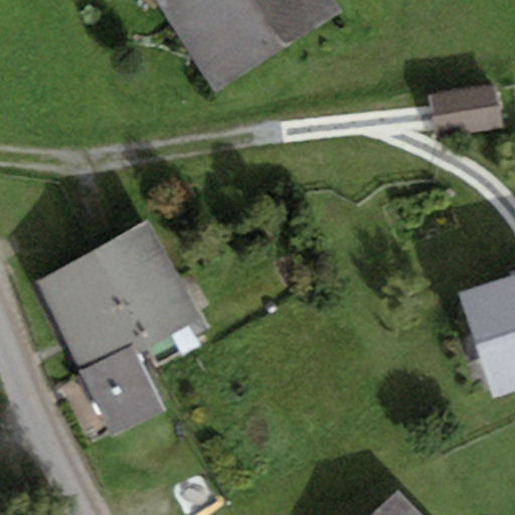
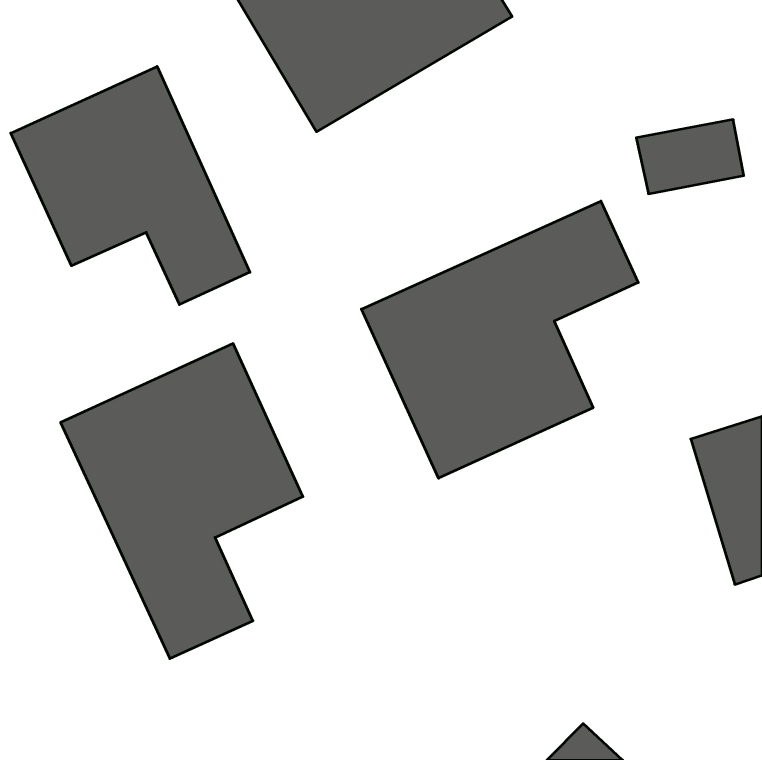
building: none -> [11,66,250,305]
building: none -> [361,201,638,478]

